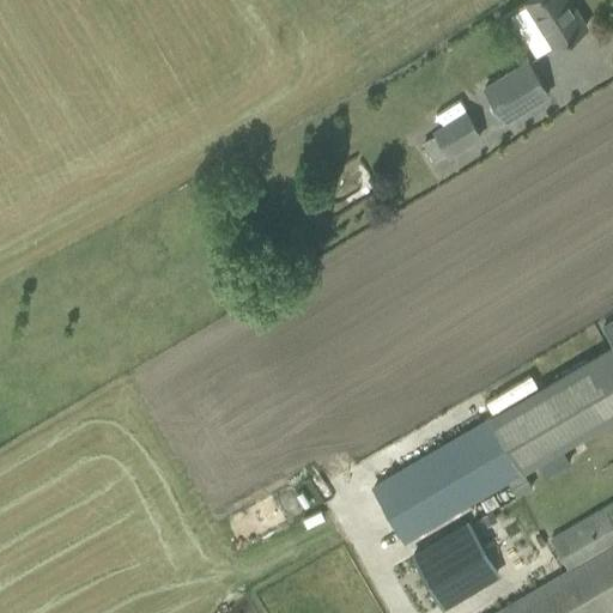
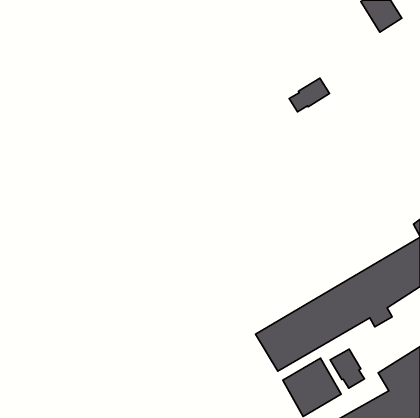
building: [485,63,548,123] -> none
building: none -> [330,349,364,388]

